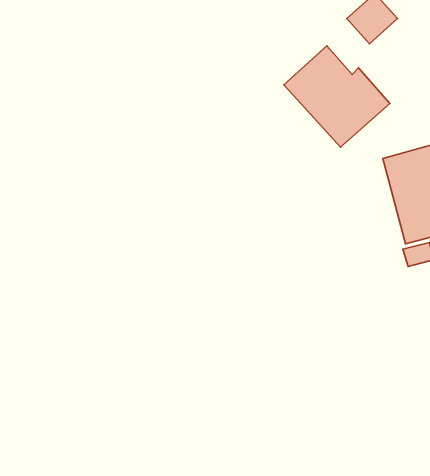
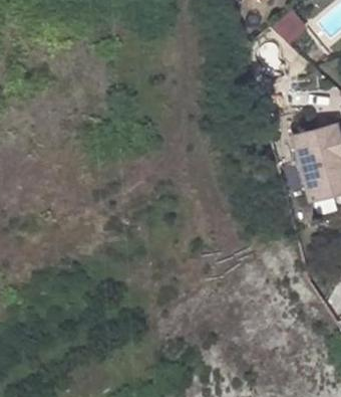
building: [284,46,390,147] -> none

